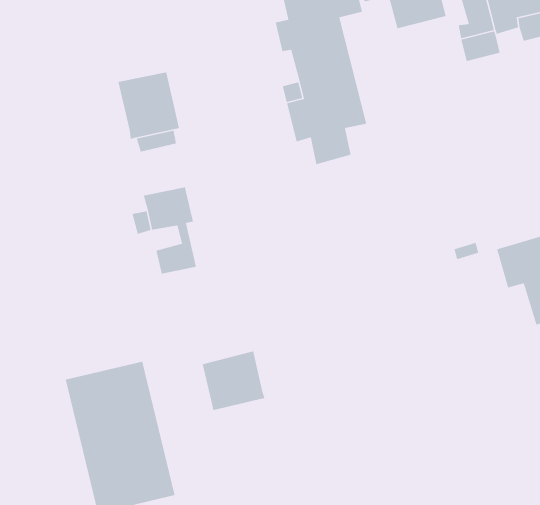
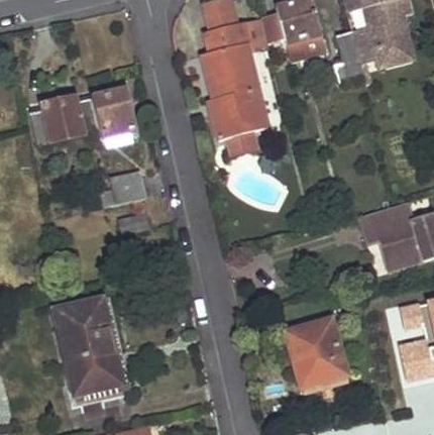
building: none -> [29,96,98,143]
building: [202,350,265,411] -> none
building: none -> [284,317,346,387]

